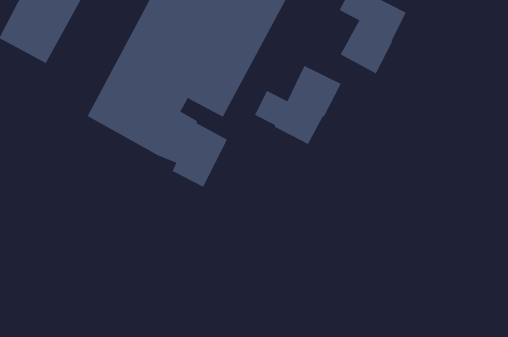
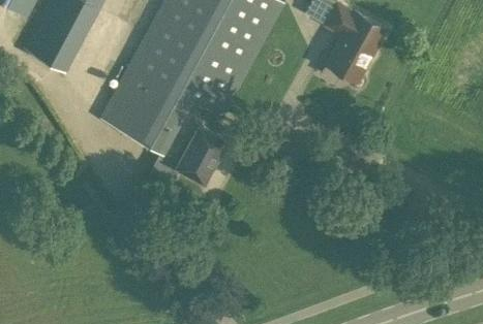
building: [254,65,342,145] -> none

